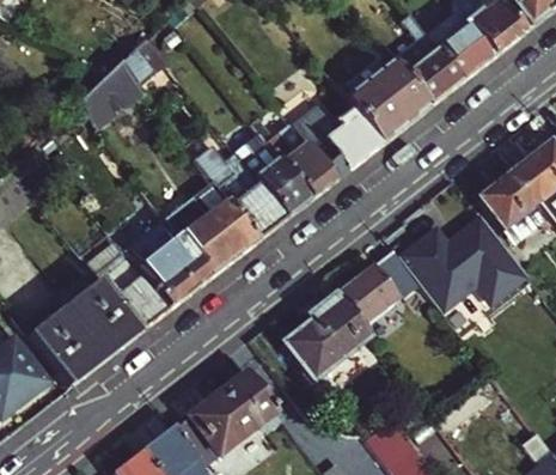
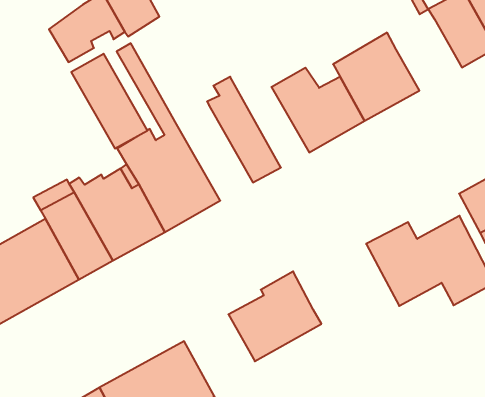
building: [399,39,463,108] -> none
building: [250,116,334,199] -> none
building: [207,152,286,238] -> [71,54,148,149]
building: [336,249,417,325] -> none

